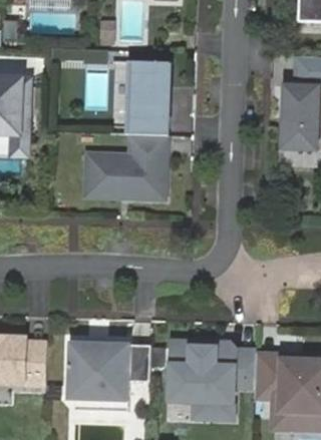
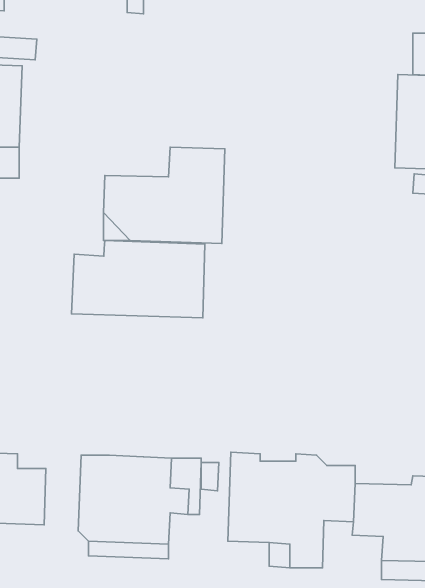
building: [126,61,169,135] -> none
building: none -> [72,241,205,318]

